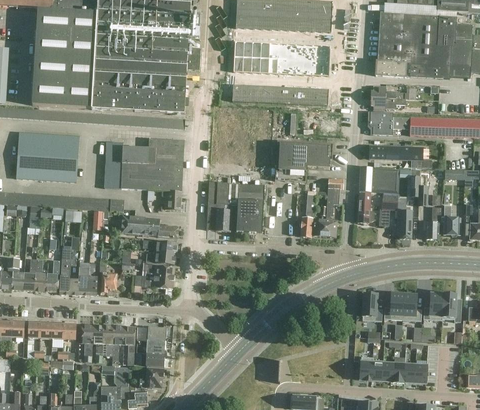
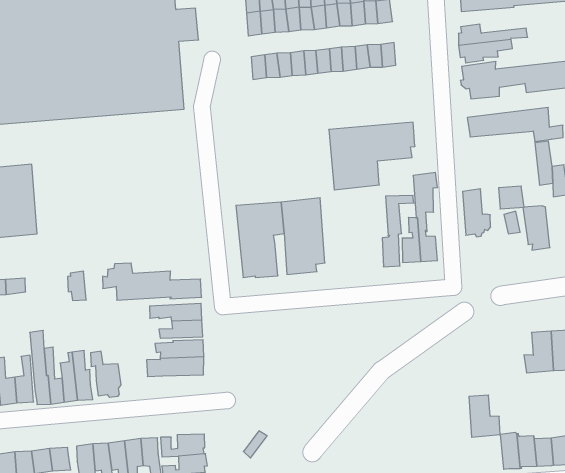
building: [105,138,184,209] -> none
building: [359,166,399,192] -> none
building: [362,293,382,321] -> [469,395,500,437]

